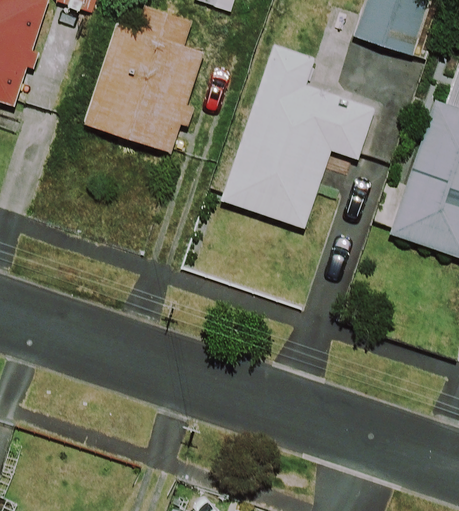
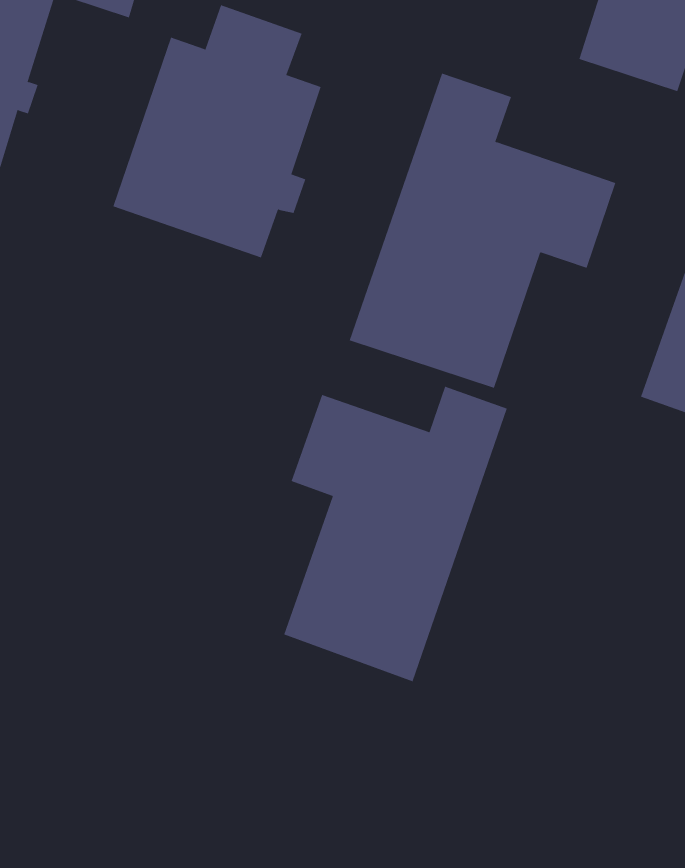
building: none -> [284,386,508,682]

